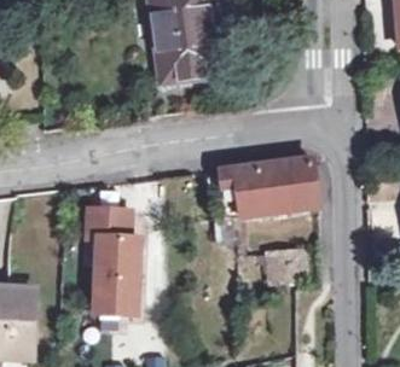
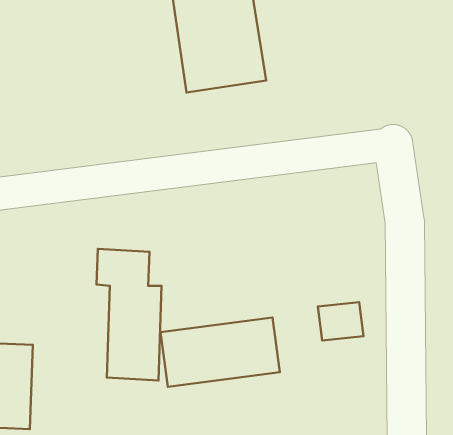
building: [222,162,320,219] -> [160,317,280,387]

